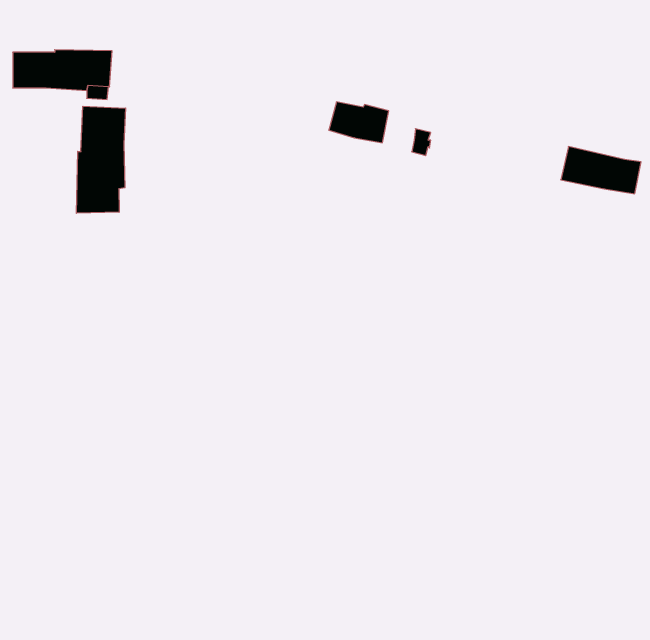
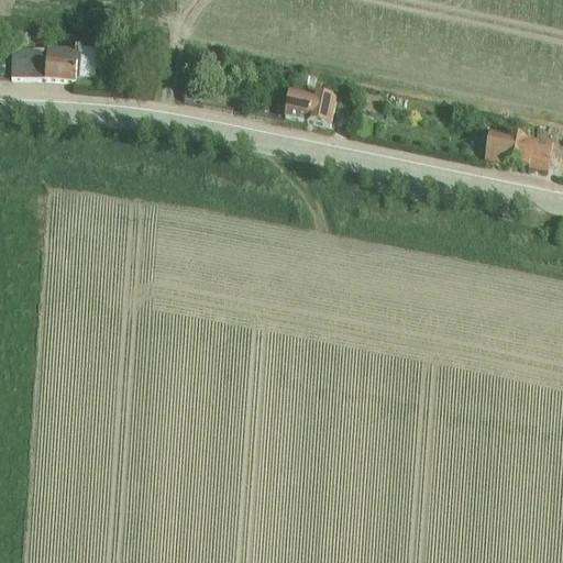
building: [76,106,126,213] -> none

